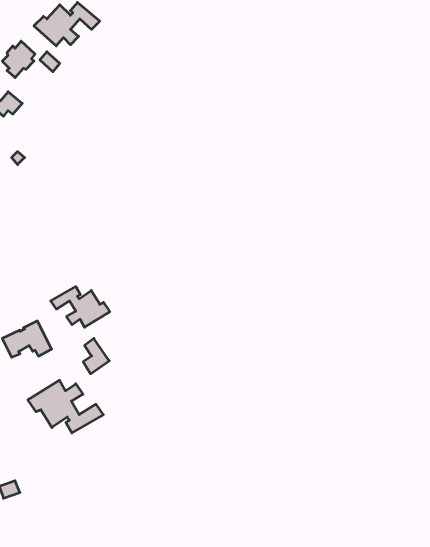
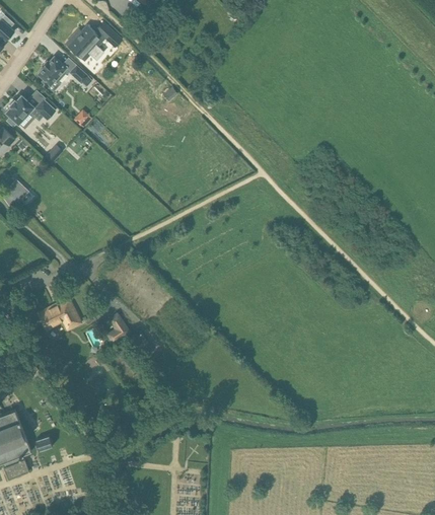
building: [51,287,110,327] -> none
building: [28,380,103,433] -> none

